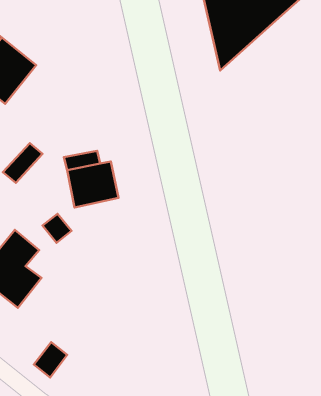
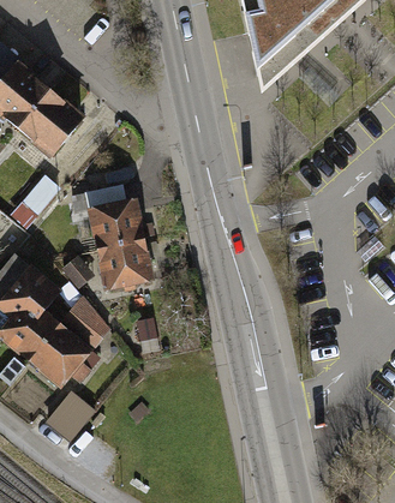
building: none -> [19,86,85,155]
building: none -> [97,235,156,287]
building: none -> [34,299,106,384]

